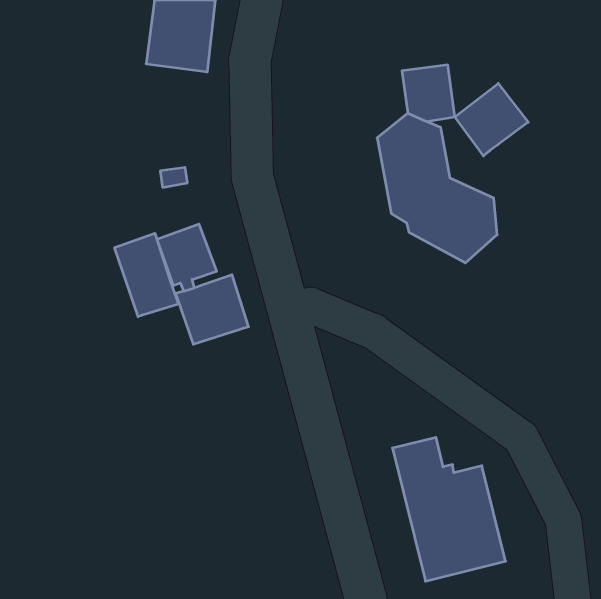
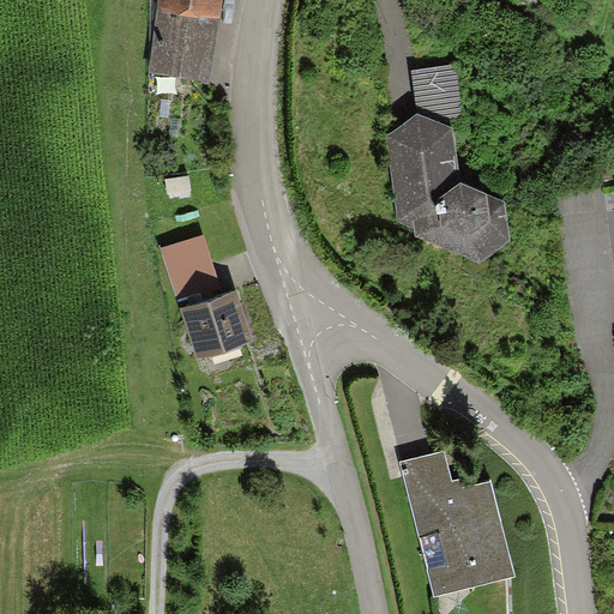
building: [455,83,528,156] -> none
building: [115,233,178,317] -> none

